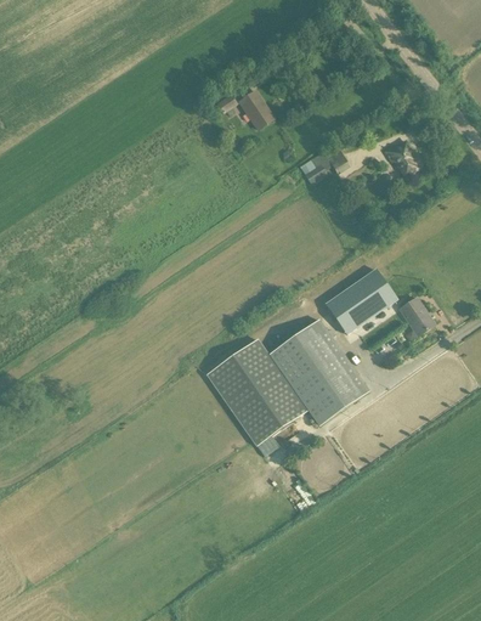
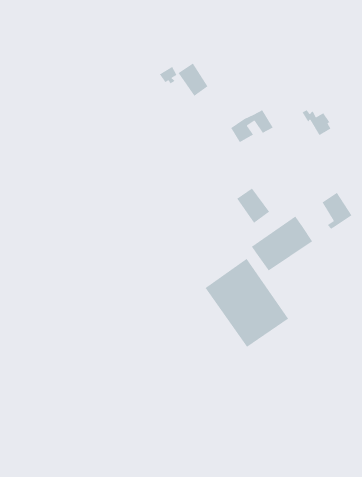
building: none -> [236,188,270,224]
building: [398,297,435,341] -> [322,192,353,230]
building: [205,339,305,445] -> none

